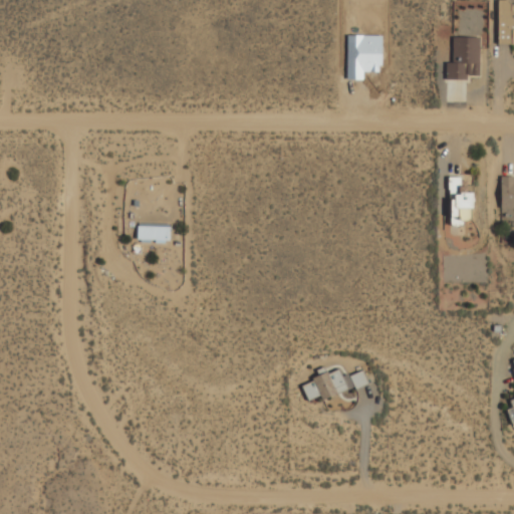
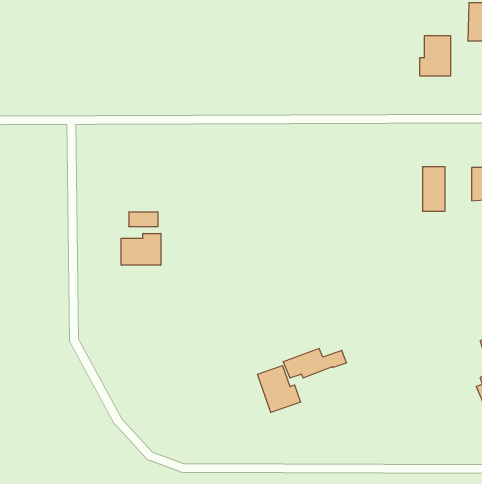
building: [347,35,383,79] -> none
building: none -> [121,233,161,265]
building: none -> [257,366,300,413]

